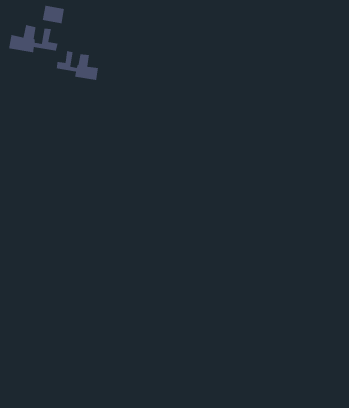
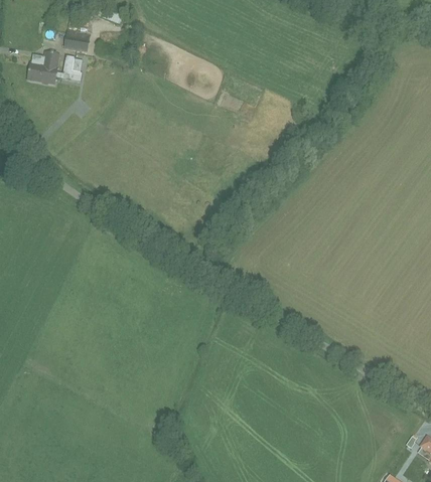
building: [56,50,99,81] -> none

